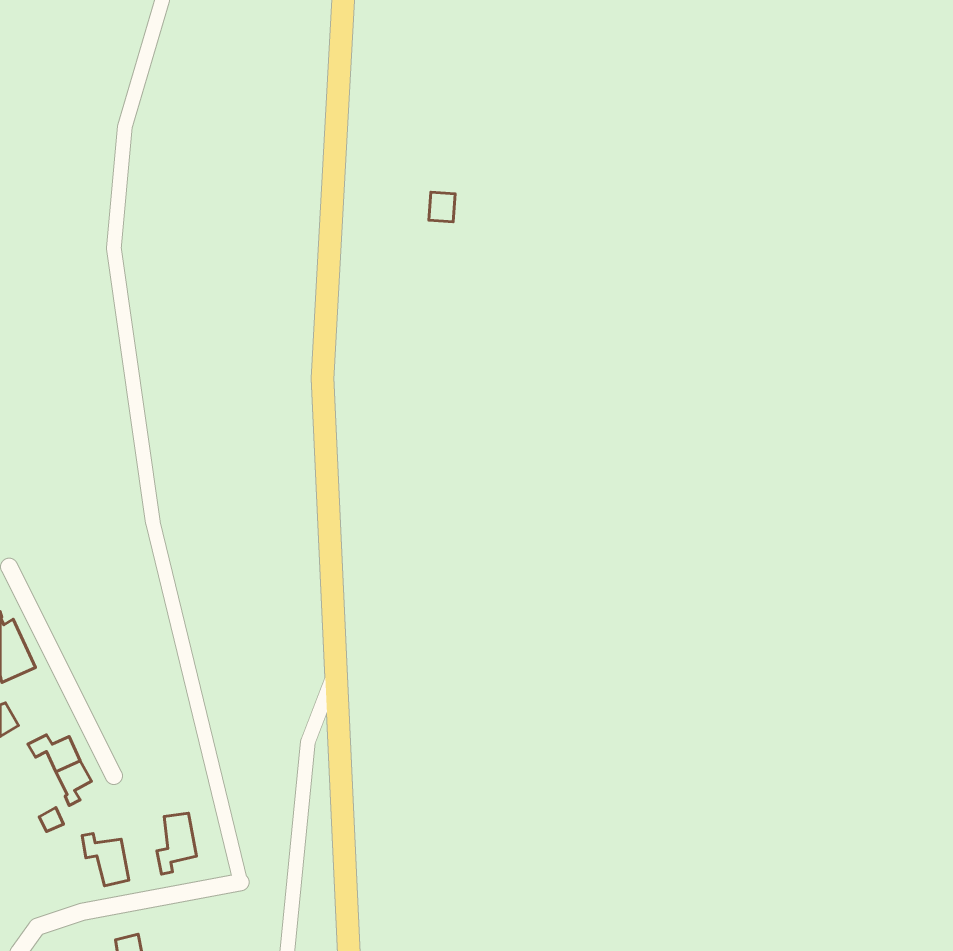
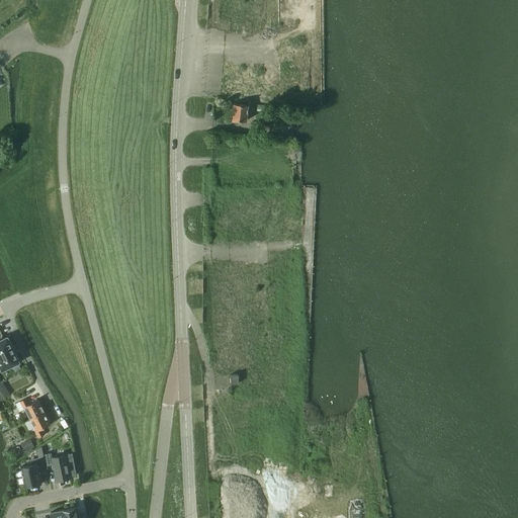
building: [157,813,196,874] -> none
building: none -> [20,459,46,488]

